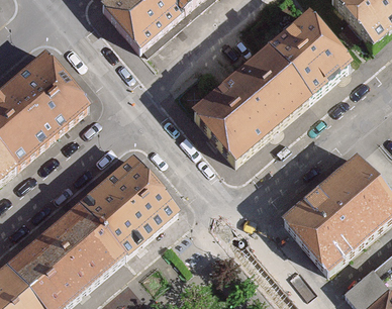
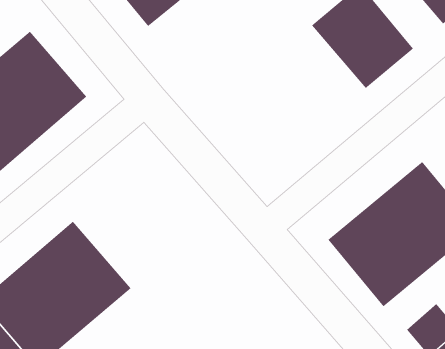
building: [191,47,311,163] -> none
building: [78,157,178,256] -> none

